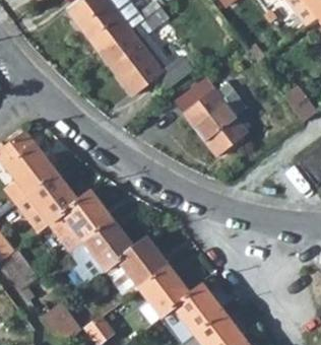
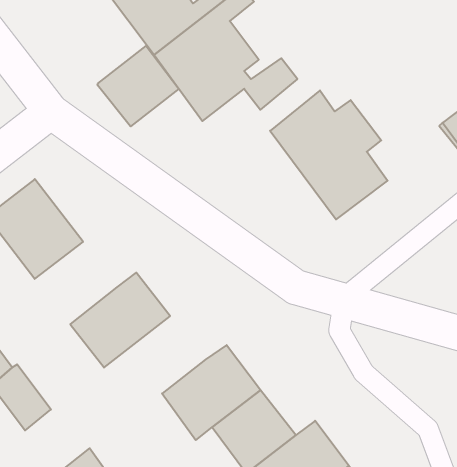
building: none -> [97,46,179,126]
building: [16,170,78,230] -> none
building: [70,217,134,278] -> none

